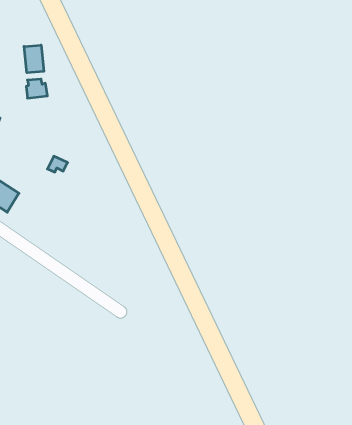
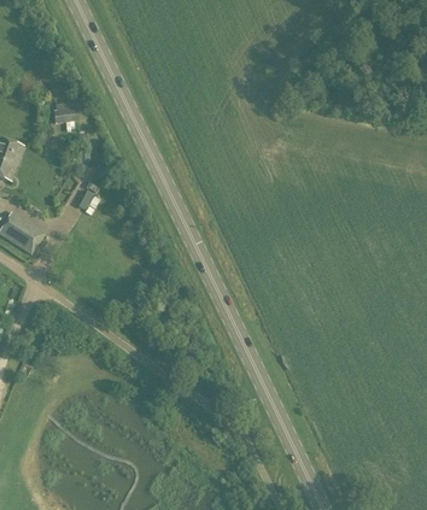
building: [24,45,44,73] -> none

